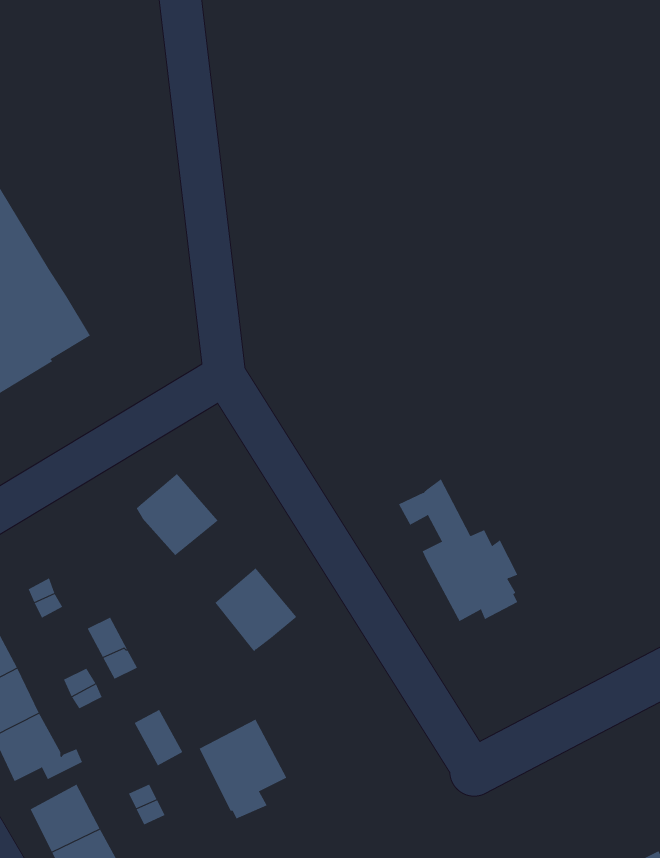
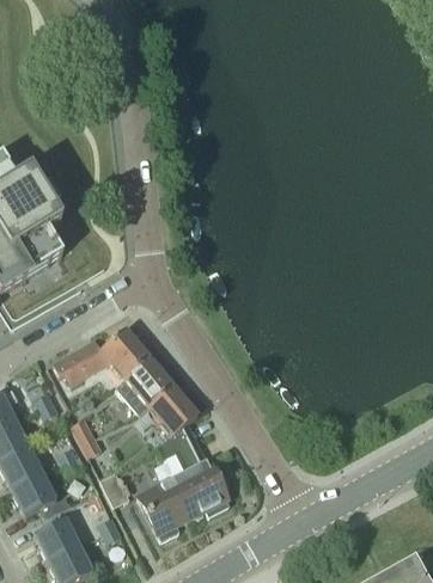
building: [398,478,518,622] -> [157,430,230,517]
building: none -> [53,339,104,383]
building: none -> [116,358,173,416]

